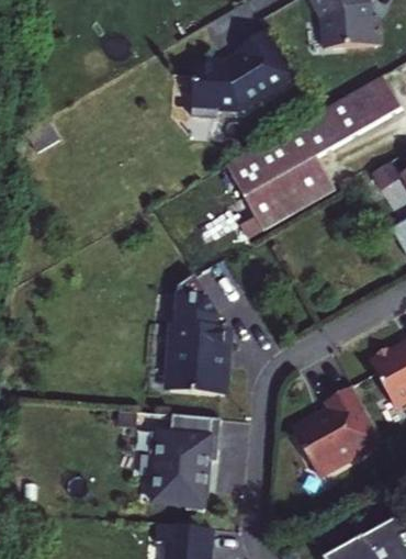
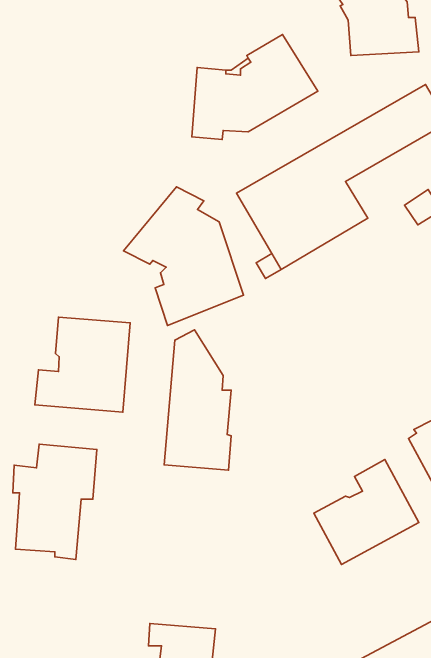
building: none -> [124,187,243,325]
building: none -> [35,317,130,412]
building: [149,415,219,512] -> [13,444,97,560]

